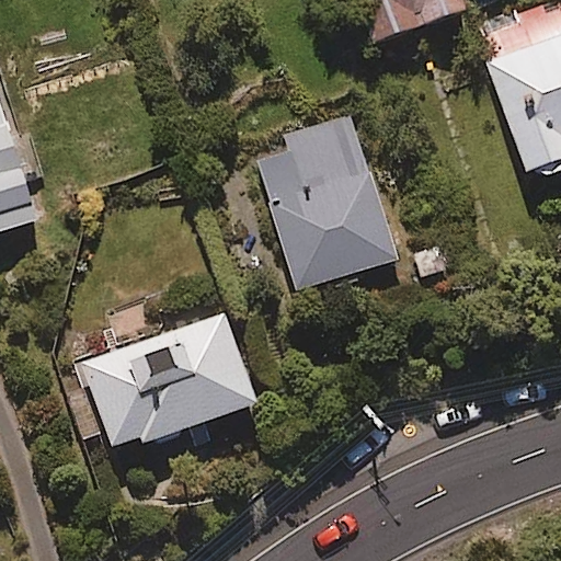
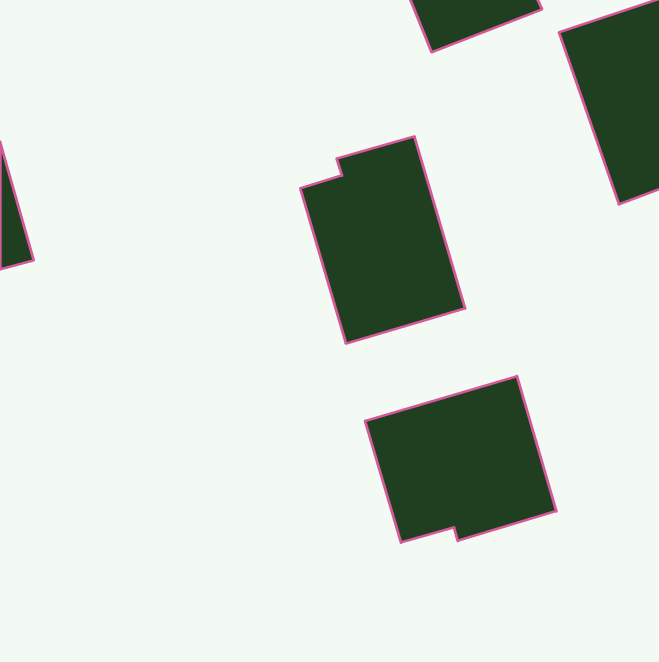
building: [81,312,255,444] -> none
building: none -> [365,376,556,543]

